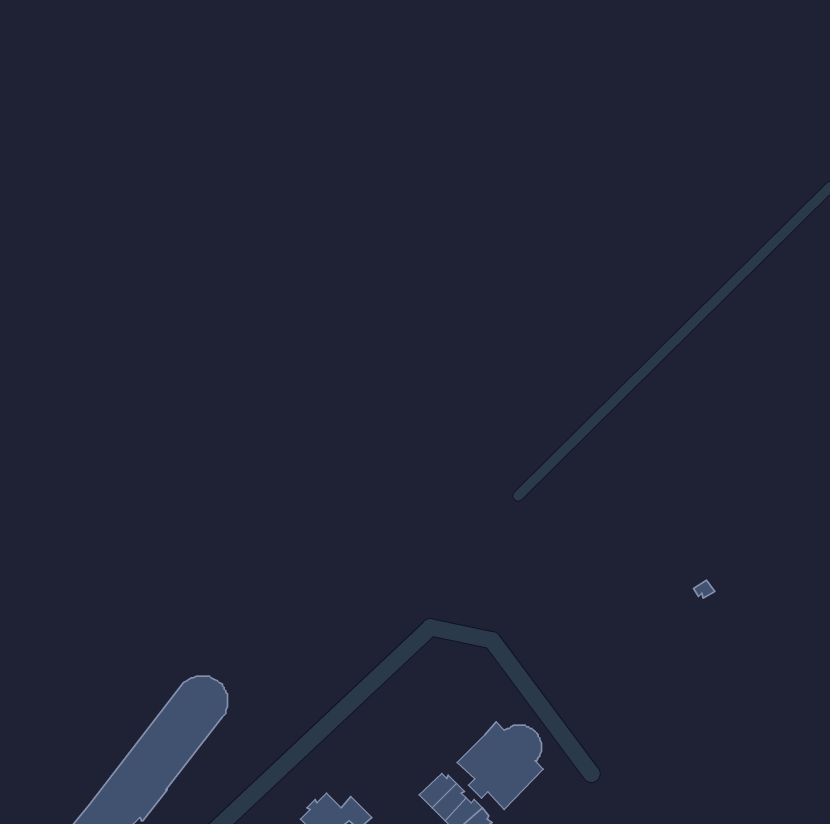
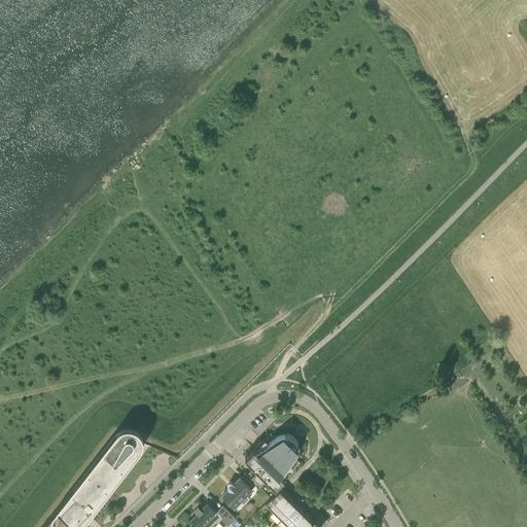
building: [457,722,543,810] -> [245,436,300,492]
building: none -> [222,480,256,511]

